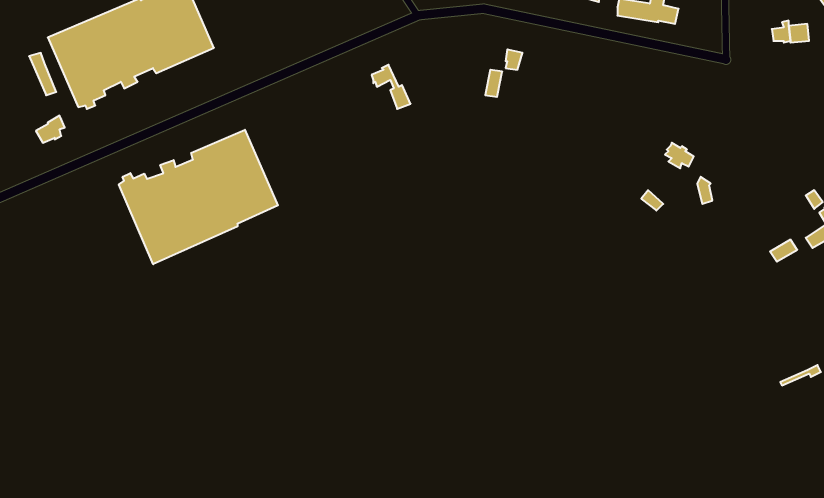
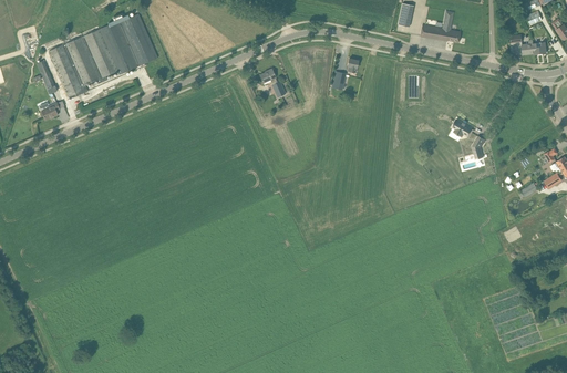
building: [119,130,278,264] -> none

